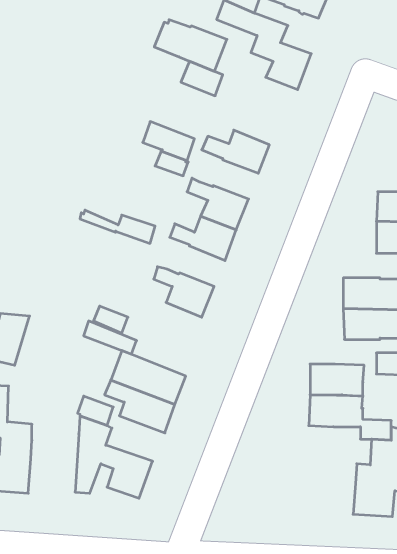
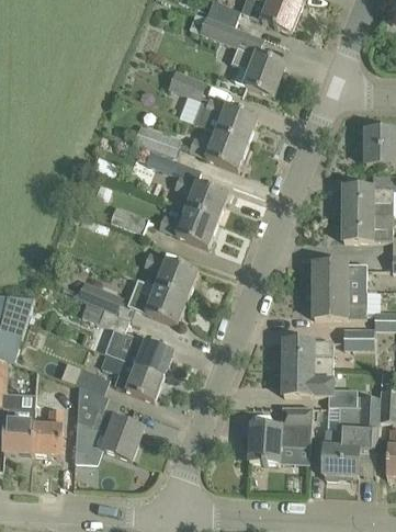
building: [154,20,227,71] -> [193,98,258,144]
building: none -> [127,284,186,324]
building: none -> [248,407,312,463]
building: none -> [32,408,63,455]

